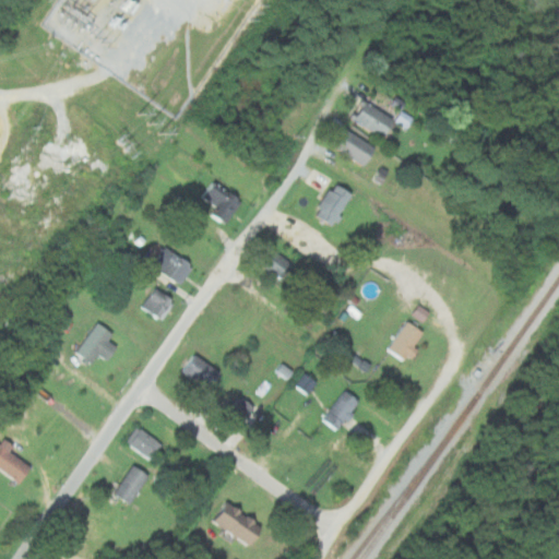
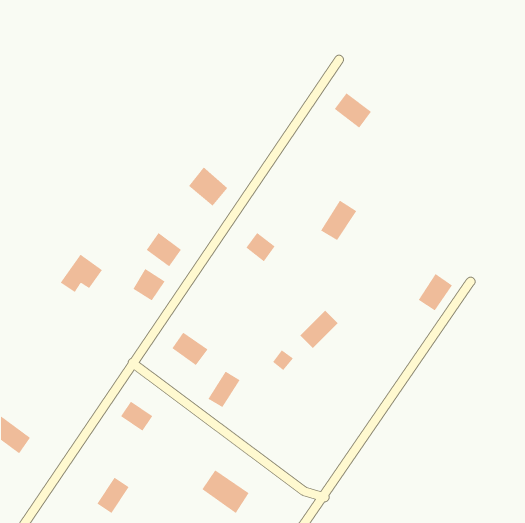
building: [336,129,377,166] -> none
building: [314,182,354,226] -> [320,200,357,241]
building: [388,321,425,361] -> [418,273,453,311]
building: [75,323,121,365] -> [60,254,103,293]
building: [321,391,362,432] -> [299,310,339,349]
building: [116,465,151,504] -> [97,477,129,514]

